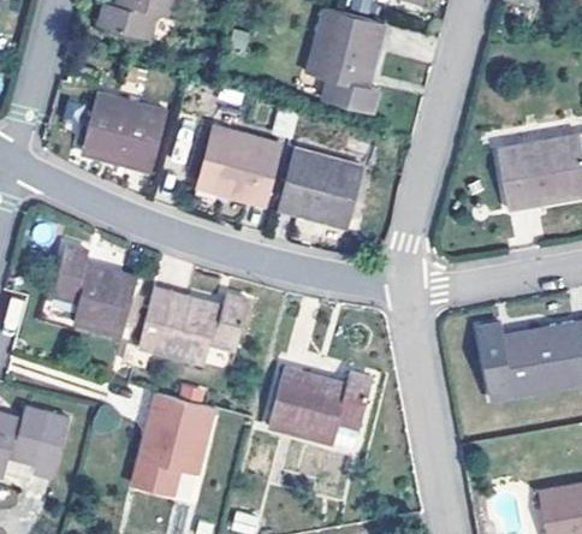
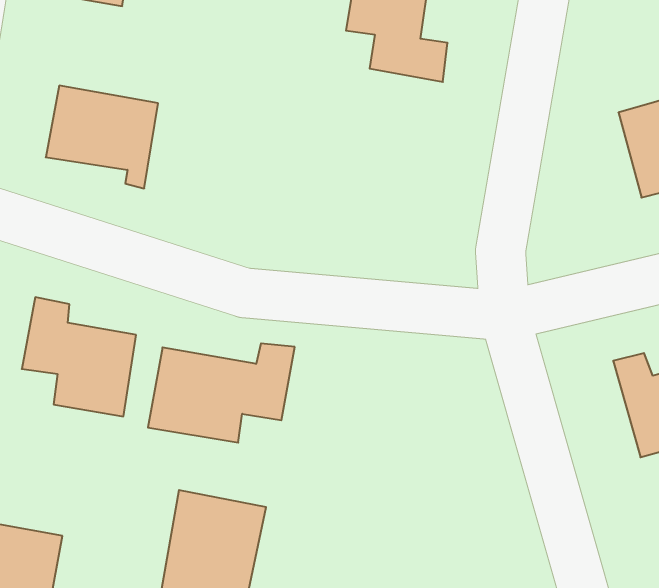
building: [198,127,280,206] -> none
building: [279,148,363,222] -> none
building: [267,368,374,447] -> none

